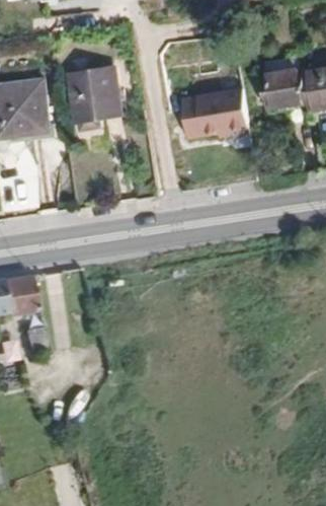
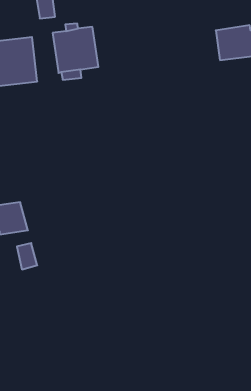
building: [181,87,248,137] -> none

